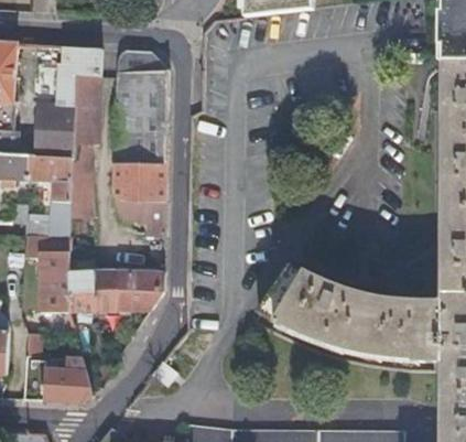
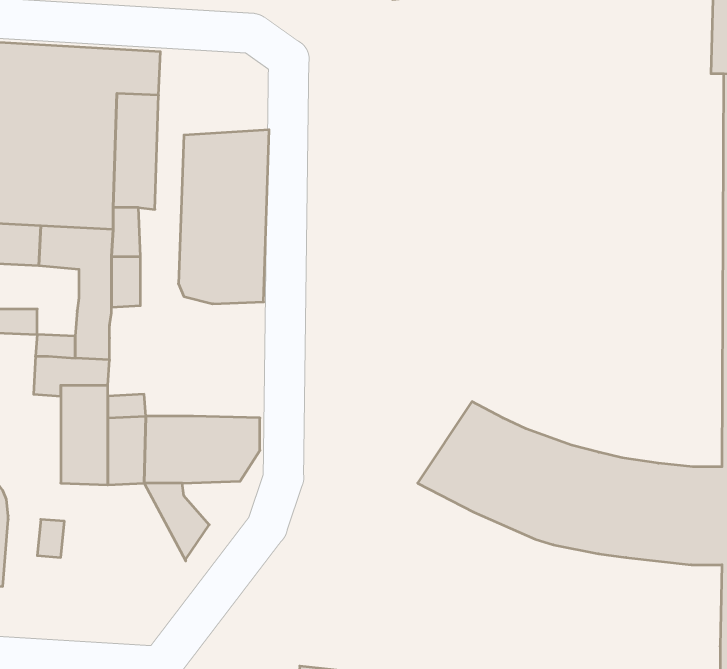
building: [116,51,169,100] -> none
building: [116,198,164,234] -> none
building: [23,359,91,405] -> none

